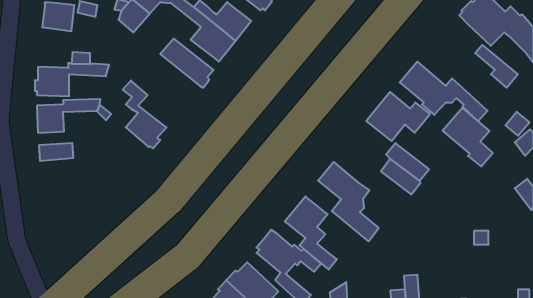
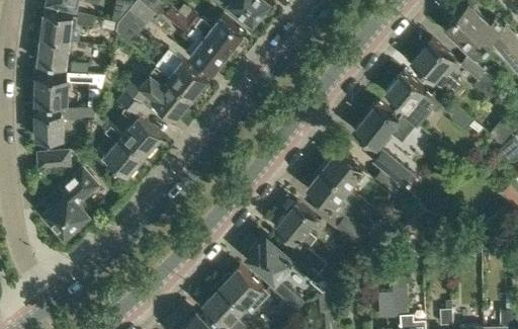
building: none -> [37,39,70,68]
building: none -> [125,66,194,119]
building: [443,108,493,166] -> [413,39,461,96]
building: none -> [104,127,145,175]
building: none -> [324,151,368,190]
building: none -> [46,170,97,236]

